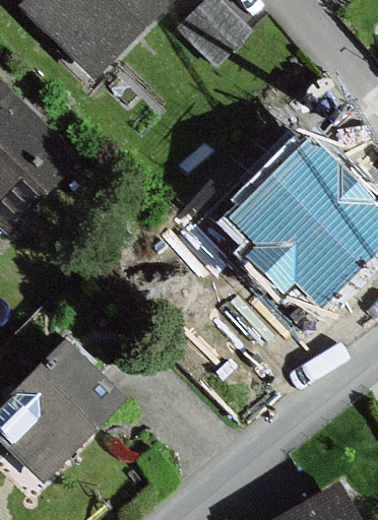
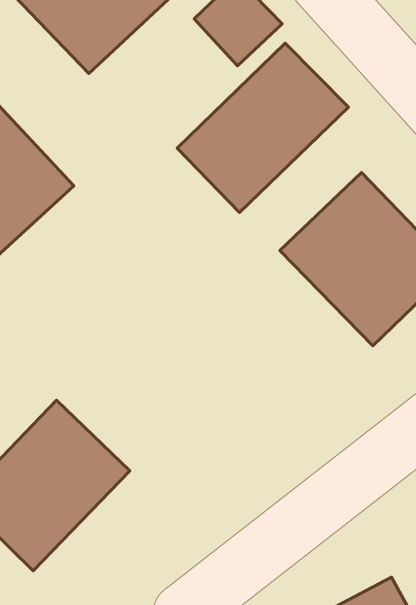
building: none -> [177,43,348,212]

